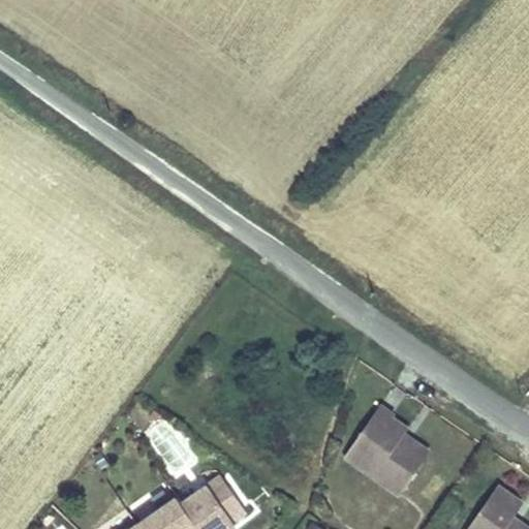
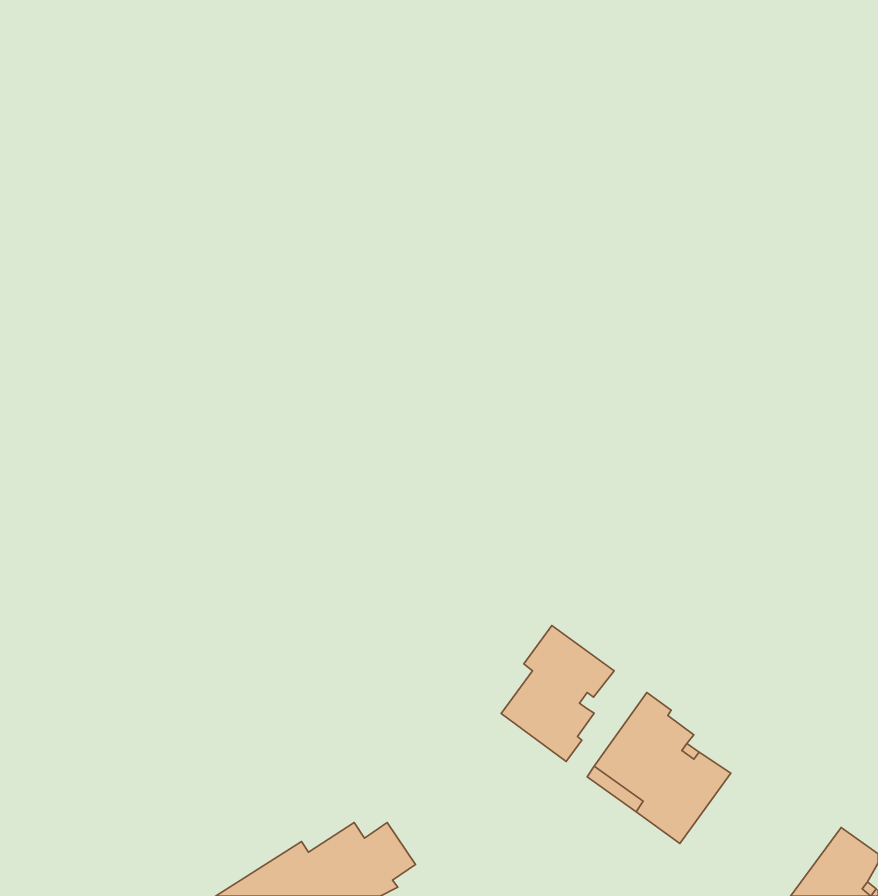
building: none -> [501,626,614,761]

